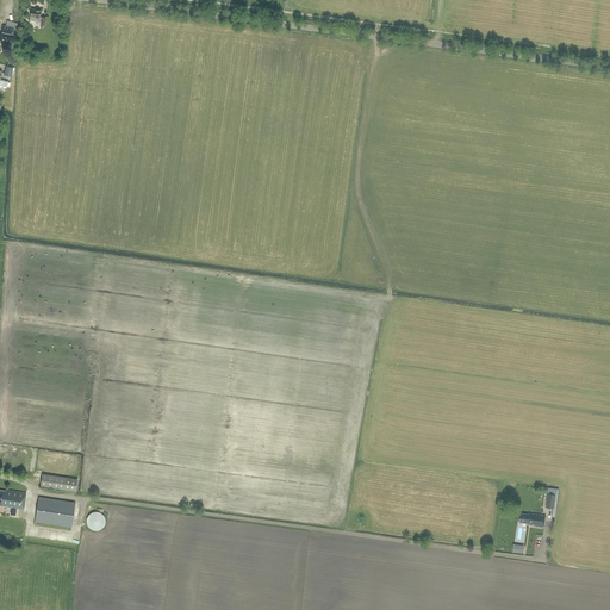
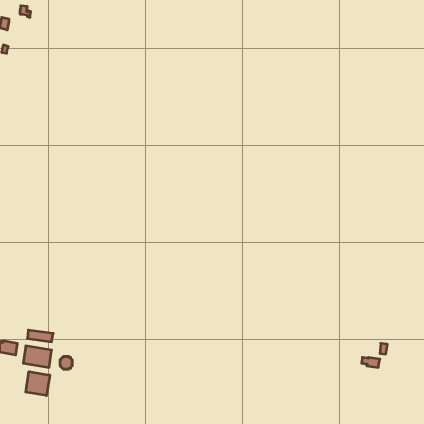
building: none -> [26,372,50,396]

